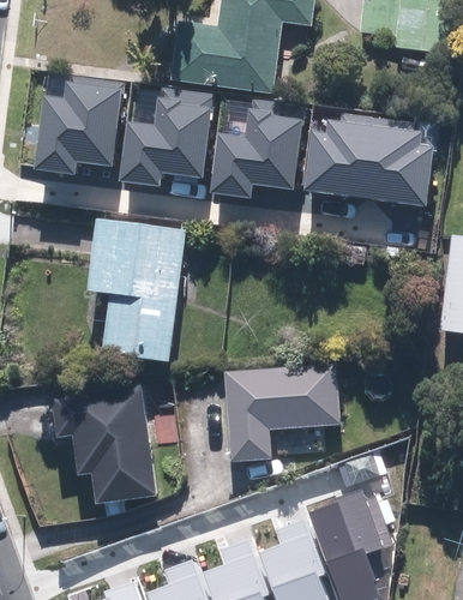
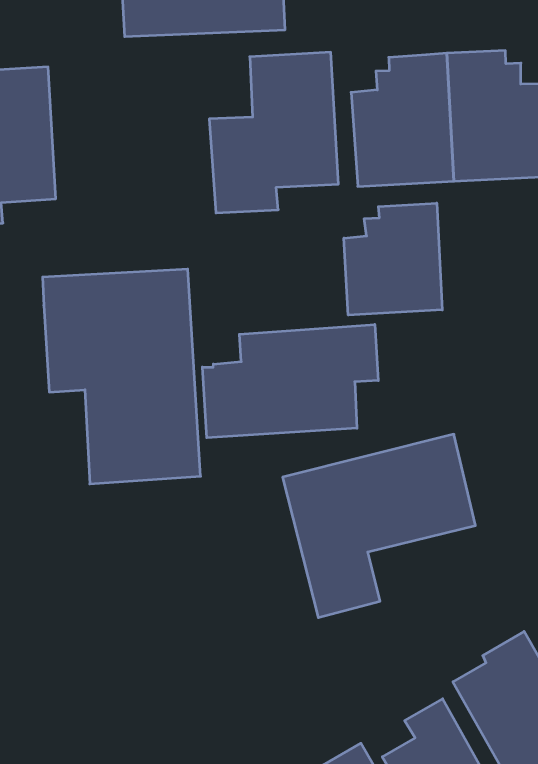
building: [120,91,211,190] -> none
building: none -> [344,203,442,315]
building: none -> [202,324,378,438]
building: [50,383,156,502] -> none

